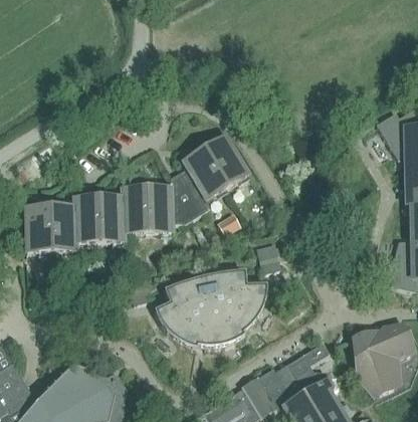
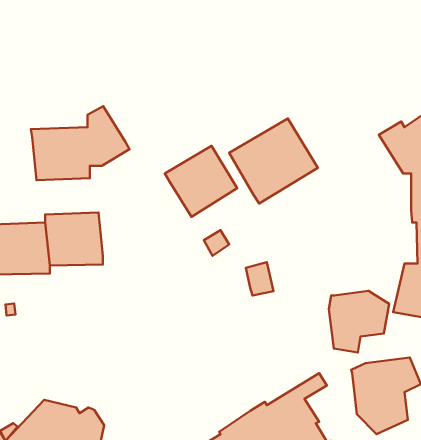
building: none -> [229,119,318,204]
building: [122,167,211,234] -> [31,106,130,180]
building: none -> [329,291,389,353]
building: [155,271,266,348] -> none

